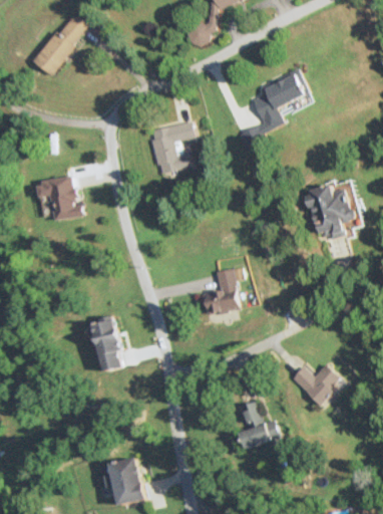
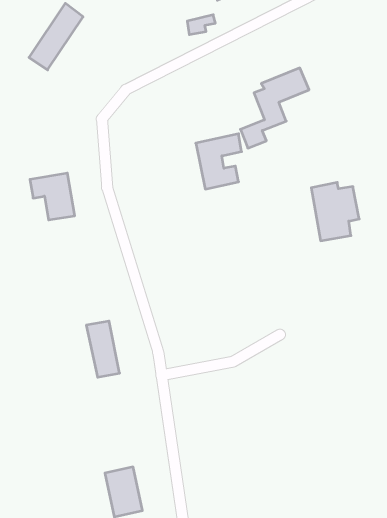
building: [149,120,194,174] -> [196,134,242,189]
building: [208,267,245,313] -> none
building: [291,364,344,407] -> none
building: [237,401,278,448] -> none

